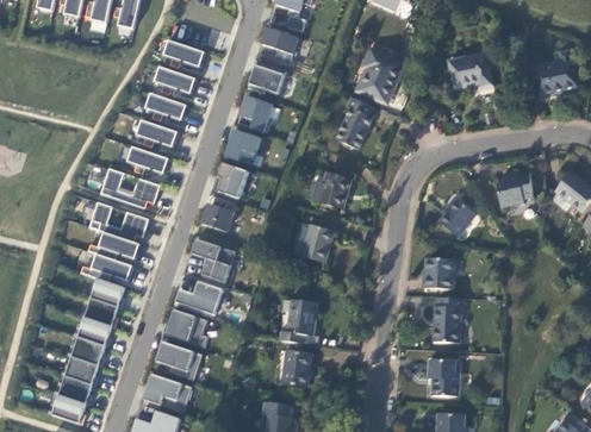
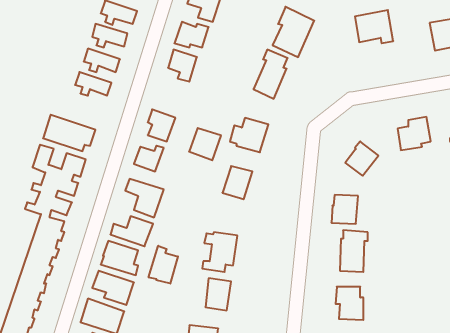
building: [224,130,260,165] -> [189,128,221,160]
building: [127,146,168,174] -> none
building: none -> [149,246,178,284]

